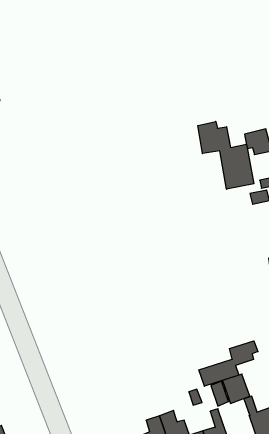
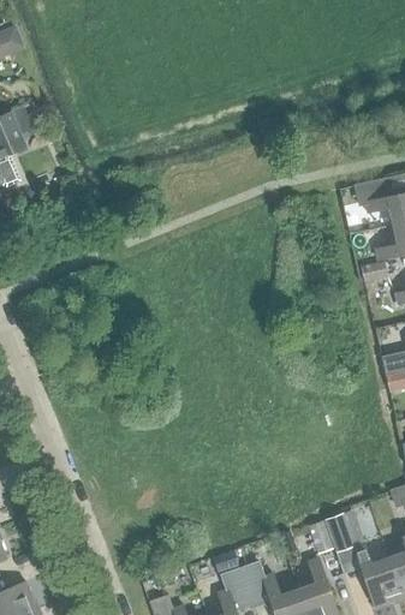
building: [198,121,254,189] -> none
building: [199,341,258,386] -> none

